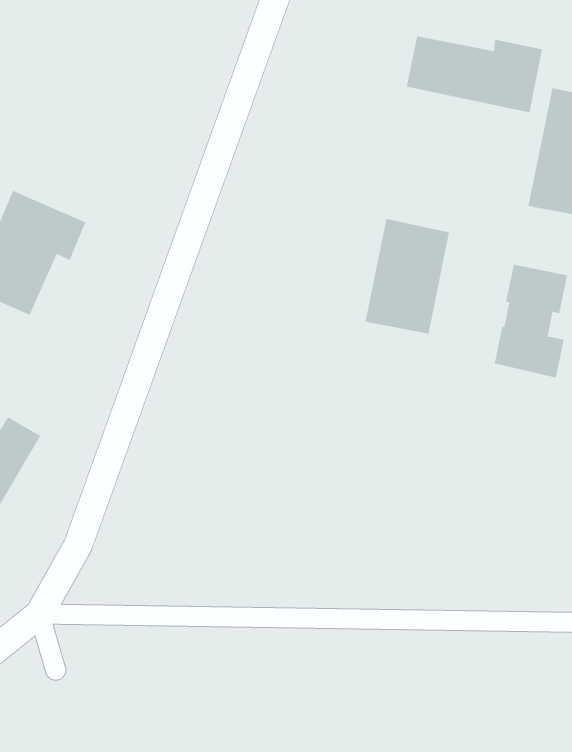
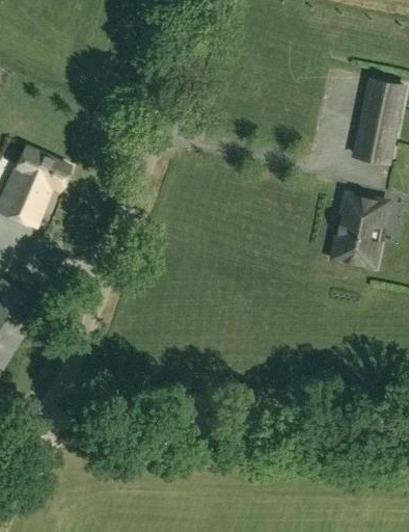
building: [406,36,543,113] -> none
building: [365,218,450,335] -> none

